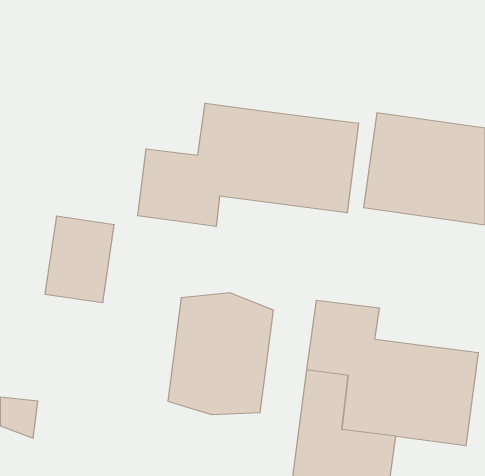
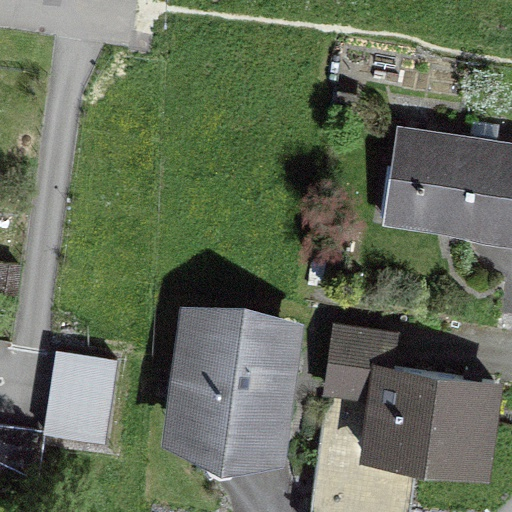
building: [138,103,359,227] -> none
building: [45,216,114,303] -> [45,354,118,445]

